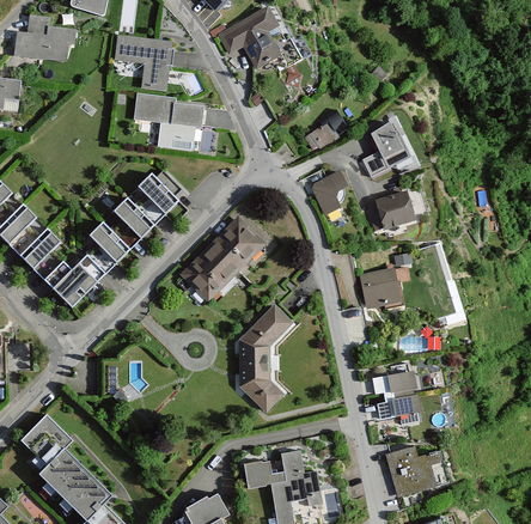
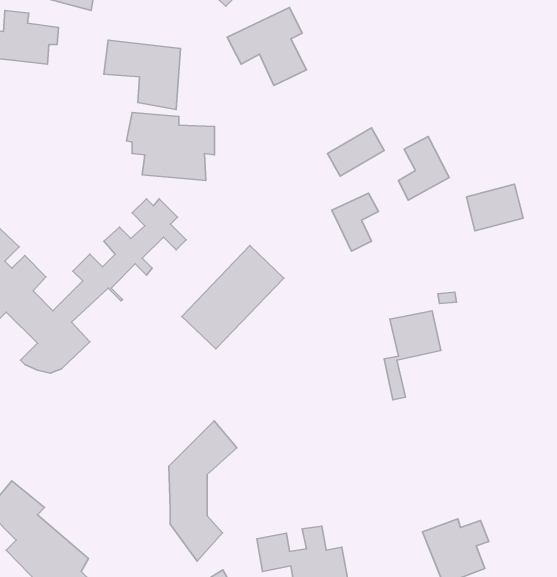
building: [367,191,415,231] -> [466,184,523,231]
building: [238,300,295,419] -> [169,421,237,561]
building: [370,370,420,420] -> none

